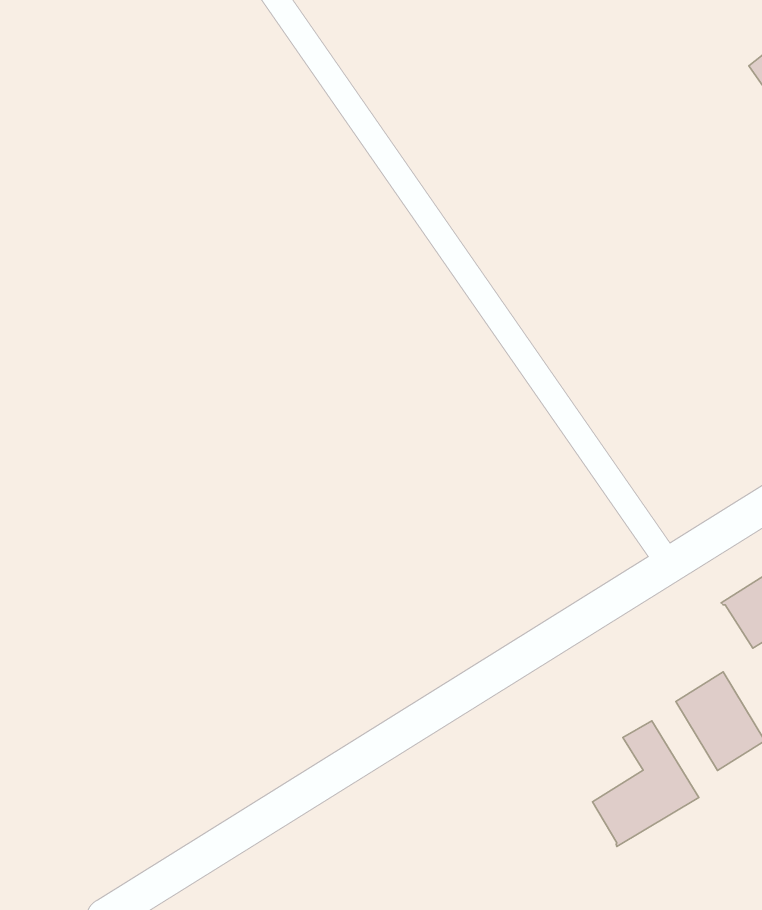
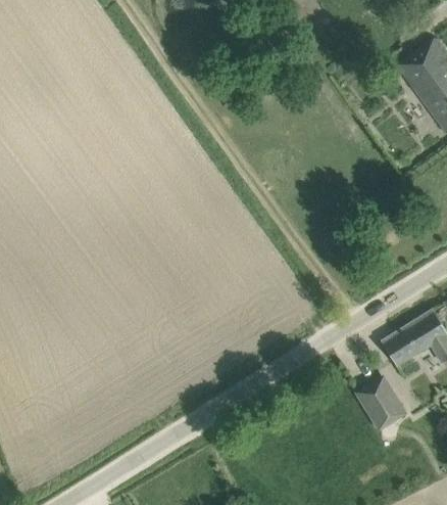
building: [592,721,699,847] -> none

